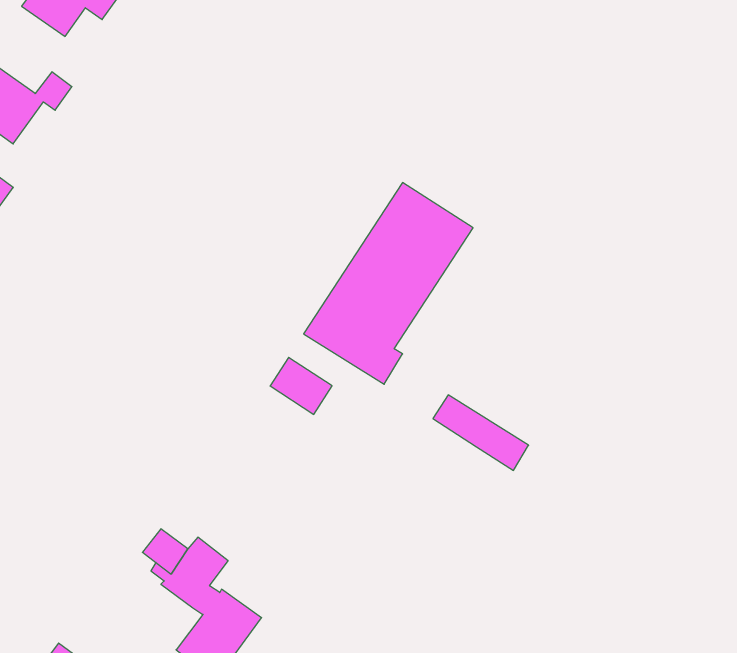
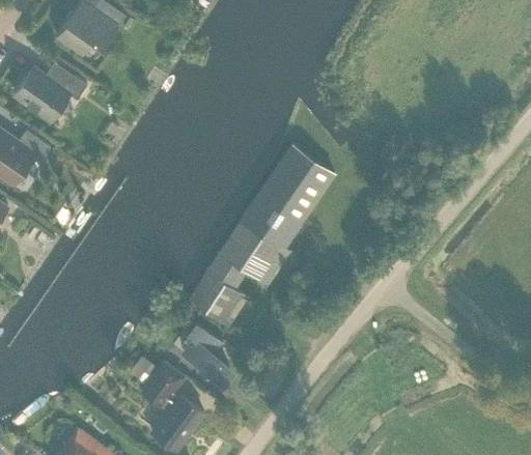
building: none -> [189,269,248,323]
building: [433,395,529,470] -> [220,237,279,284]
building: none -> [185,322,228,379]

